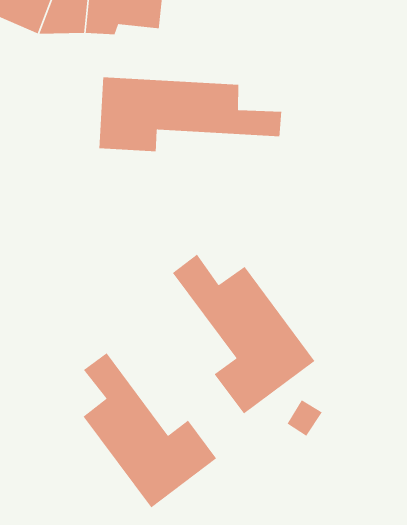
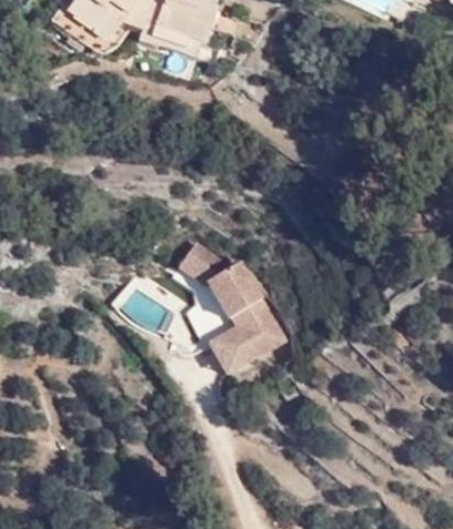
building: [99,76,282,152] -> none
building: [83,352,217,508] -> none

